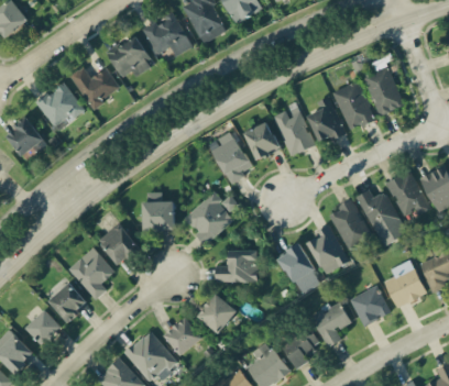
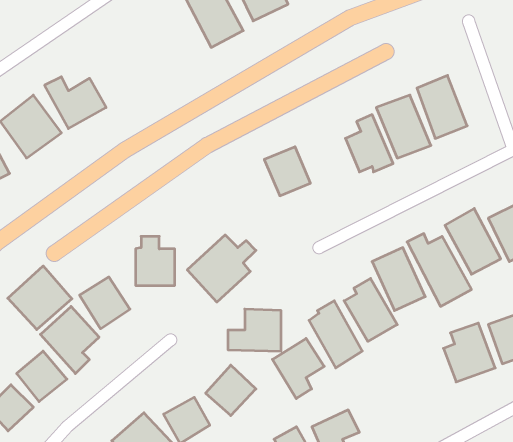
building: [143,13,193,56] -> none
building: [107,35,154,77] -> none
building: [273,107,315,156] -> none
building: [211,137,252,185] -> none
building: none -> [8,266,72,330]
building: [350,286,391,327] -> none
building: [310,300,351,348] -> [272,338,324,399]

